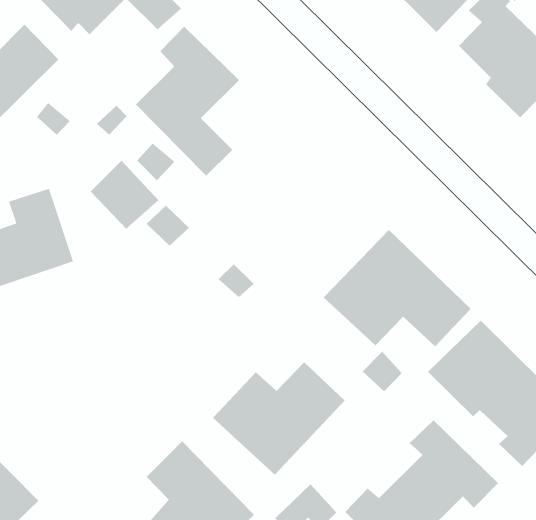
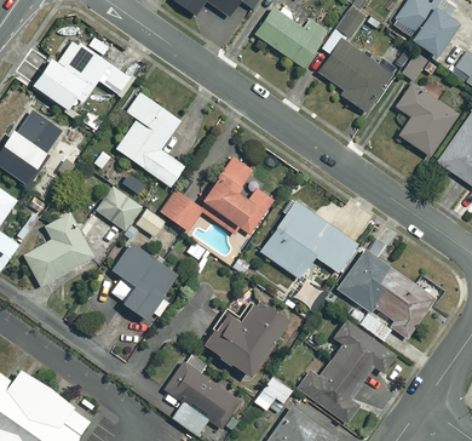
building: none -> [159,155,274,234]
building: none -> [110,241,177,317]

